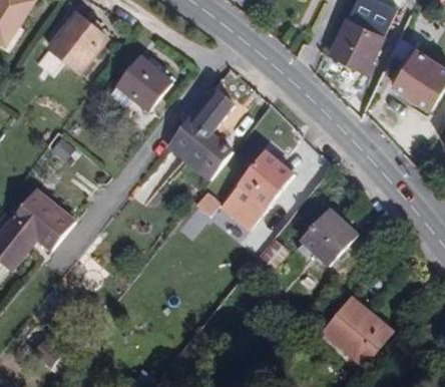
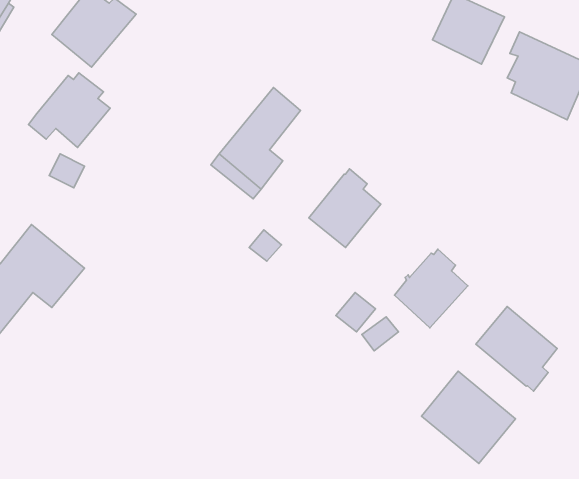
building: [112,55,172,110] -> [29,73,110,147]
building: [219,186,265,229] -> none
building: none -> [476,307,557,391]

